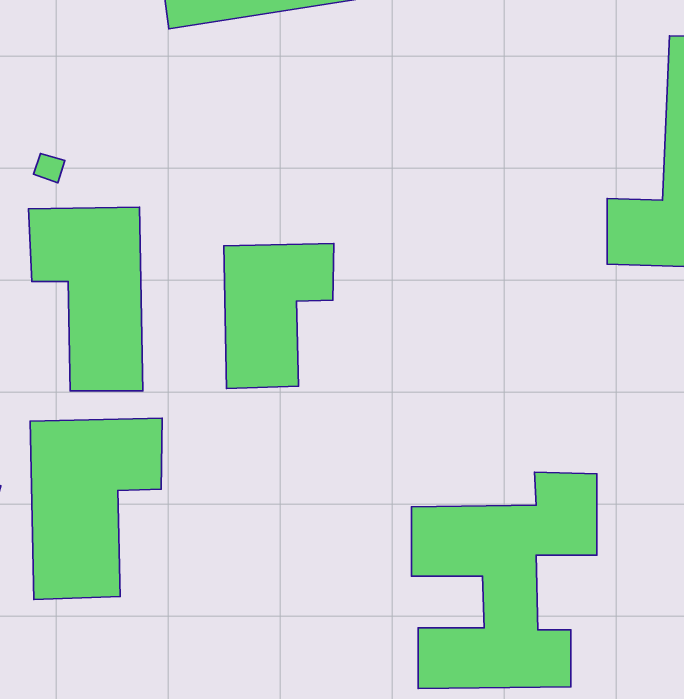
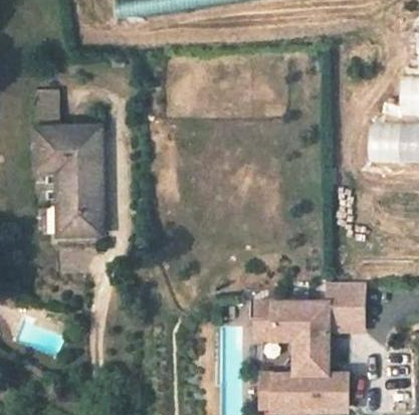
building: [224,243,334,388] -> none
building: [30,418,162,600] -> none

